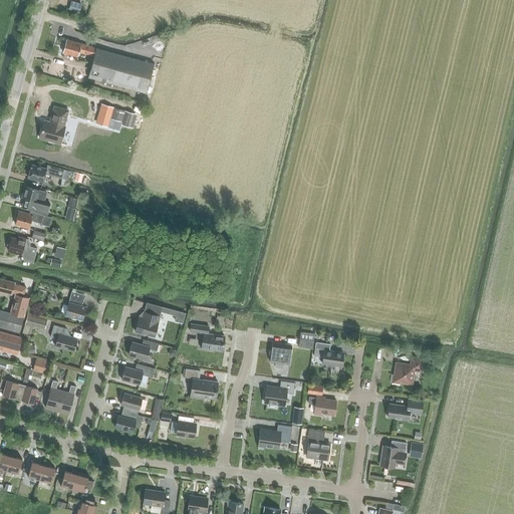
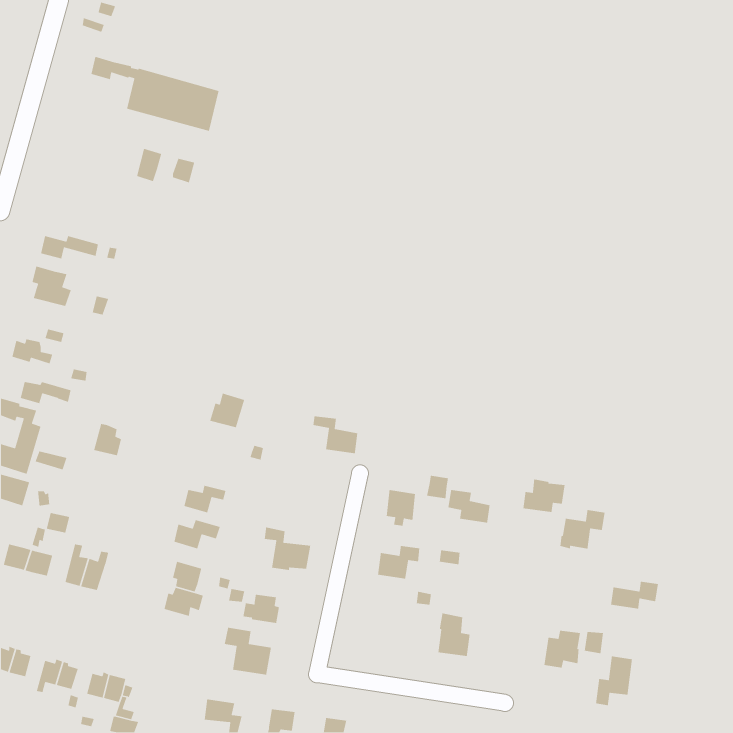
building: [39,106,68,144] -> none
building: [15,212,51,228] -> [20,381,72,404]
building: [135,311,160,336] -> [209,392,245,428]
building: [192,324,224,351] -> [312,415,358,454]
building: [50,325,76,351] -> none
building: none -> [523,478,566,513]
building: [308,397,336,416] -> none
building: [388,400,422,420] -> [610,581,659,609]
building: [257,425,292,450] -> none
building: none -> [224,627,272,675]
building: none -> [595,656,633,706]

